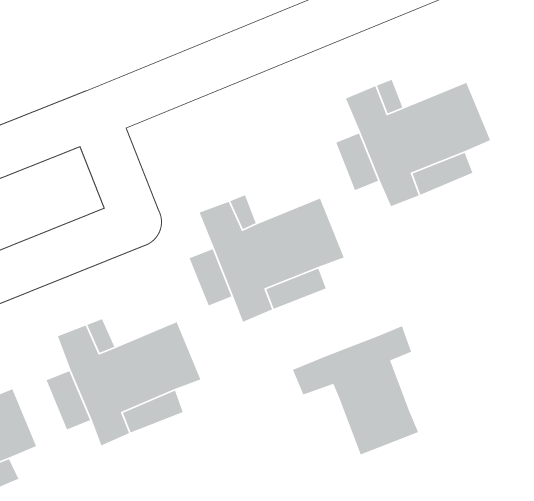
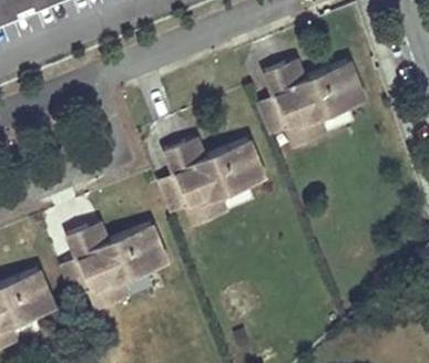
building: [292,325,419,455] -> none

